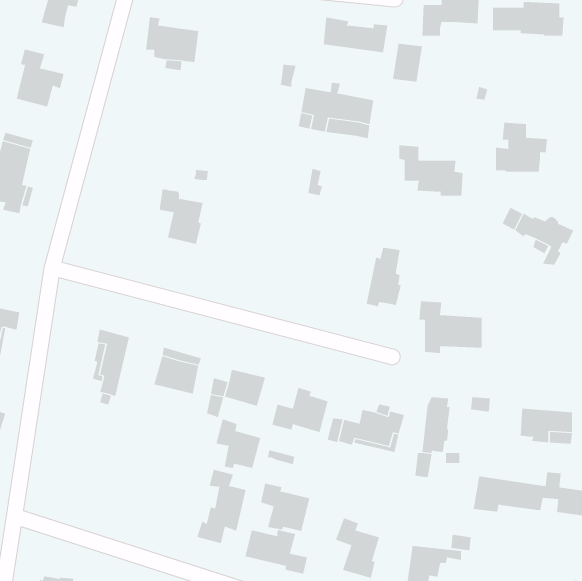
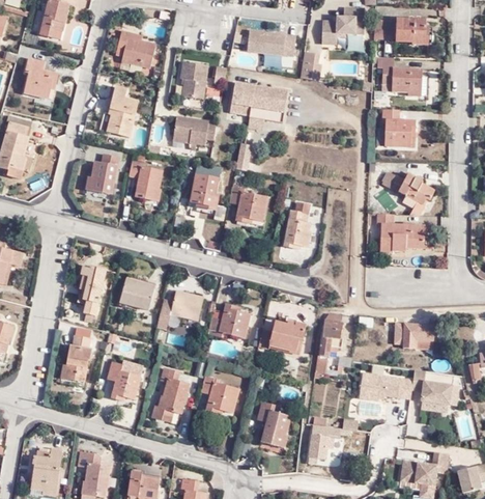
building: none -> [181,60,208,98]
building: none -> [107,85,139,137]
building: none -> [175,115,217,142]
building: [398,145,464,196] -> [378,57,427,95]
building: none -> [81,153,116,192]
building: none -> [187,171,215,207]
building: none -> [224,190,261,223]
building: [419,301,483,354] -> [376,213,424,252]
building: [215,418,261,468] -> [108,361,142,398]
building: none -> [62,335,89,380]
building: [245,529,308,574] -> none

